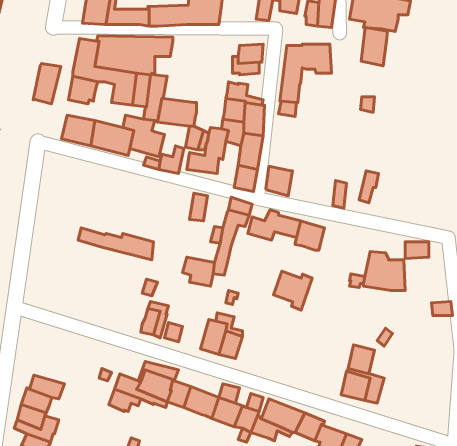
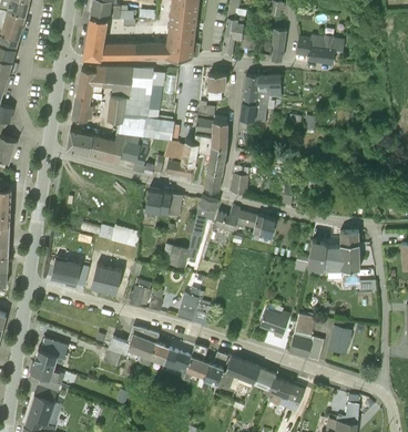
building: [361,28,388,66] -> none
building: none -> [146,72,172,121]
building: [33,64,61,104] -> none
building: none -> [144,188,171,214]
building: none -> [338,244,359,270]
building: [273,271,312,310] -> [258,308,289,339]
building: none -> [50,258,81,286]
building: none -> [91,261,123,294]
building: none -> [326,326,351,354]

